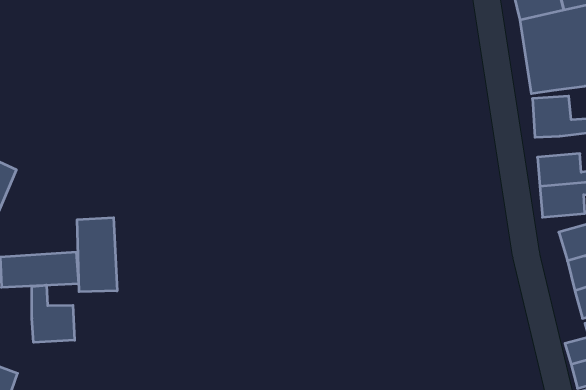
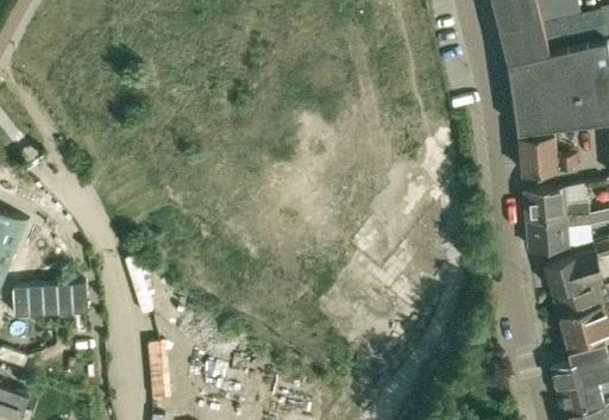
building: [77,218,117,292] -> none
building: [32,285,75,342] -> none

